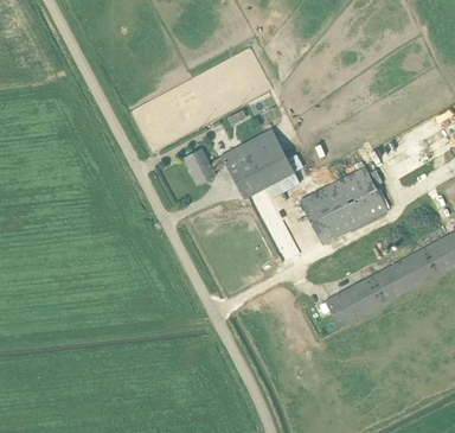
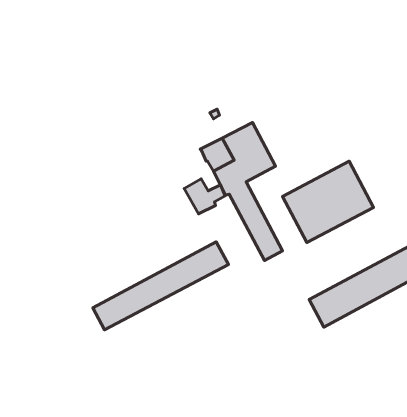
building: [185,148,225,183] -> [184,179,225,214]
building: none -> [93,242,229,330]

